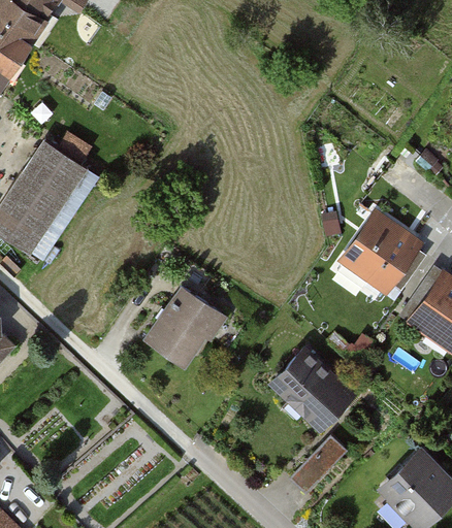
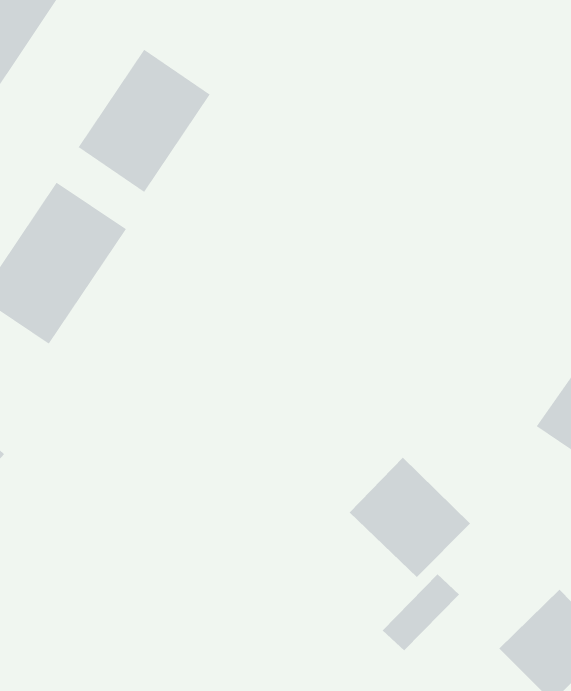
building: none -> [78,49,210,193]
building: [338,210,420,293] -> none
building: [146,287,227,371] -> none

